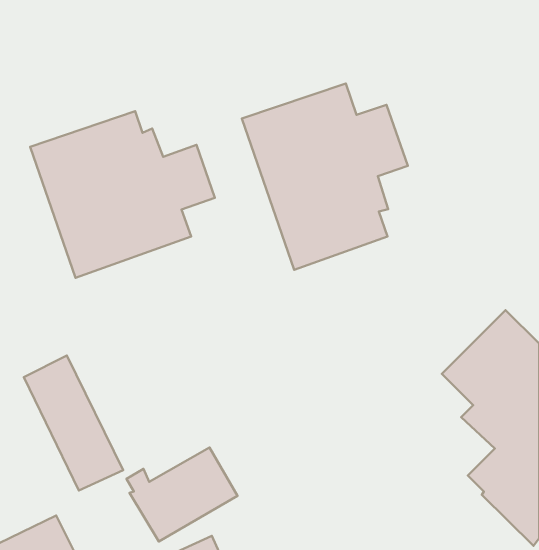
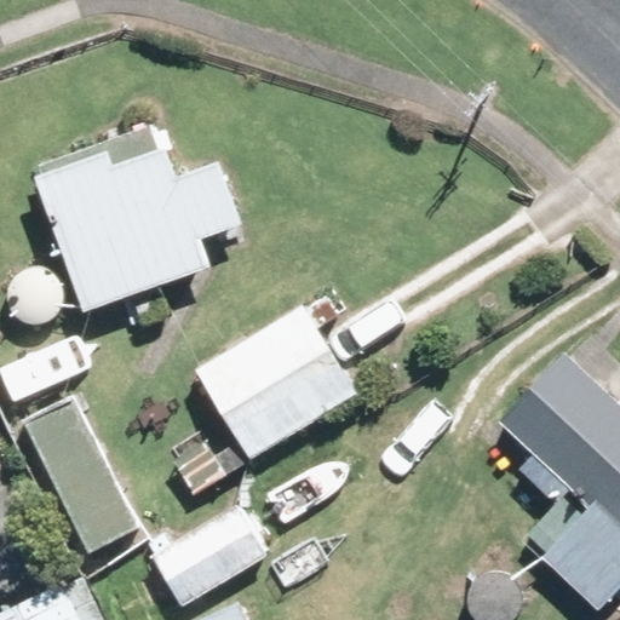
building: [242,83,408,270] -> none
building: none -> [195,304,360,463]

